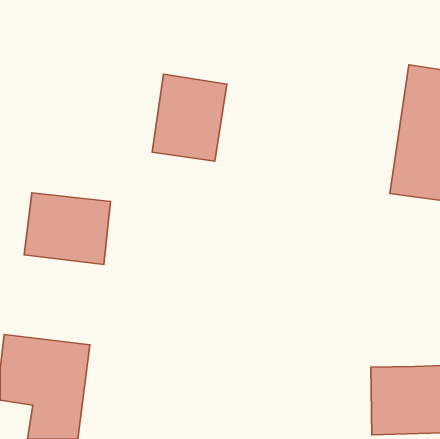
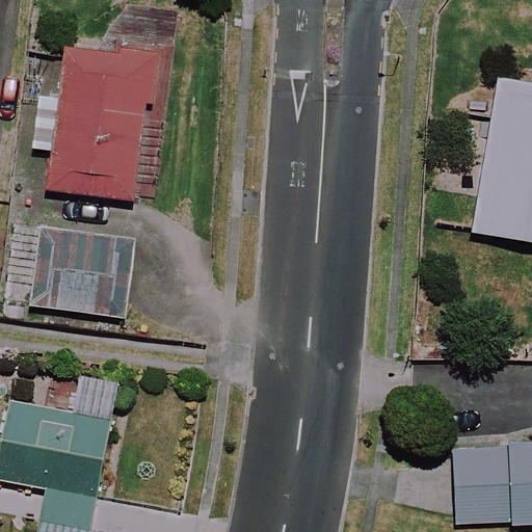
building: none -> [47,46,154,201]
building: [152,74,227,161] -> none

